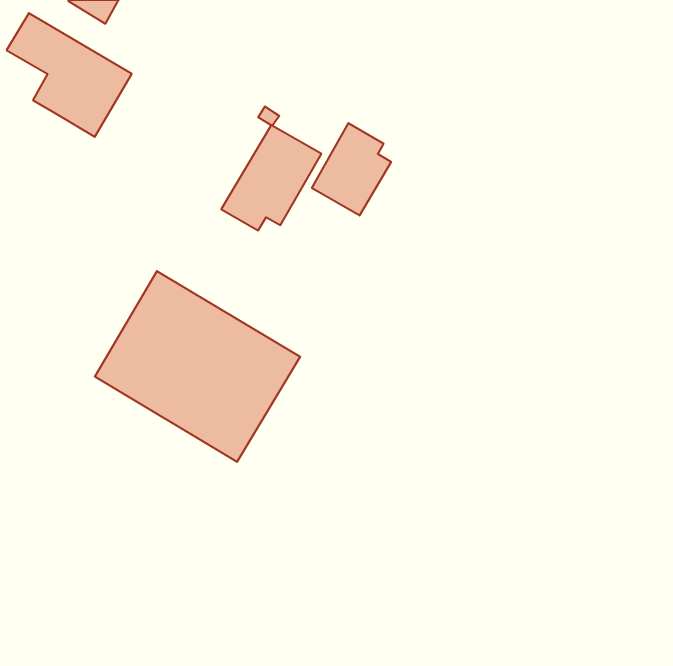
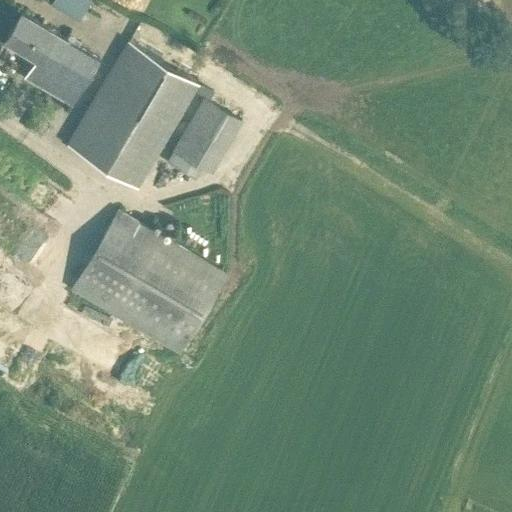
building: none -> [68,42,196,185]
building: [312,123,391,216] -> none

